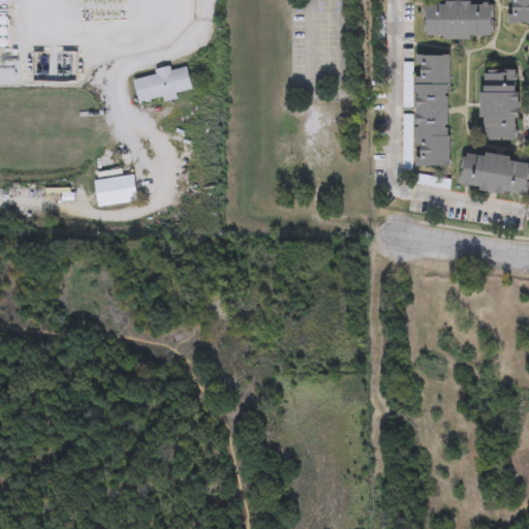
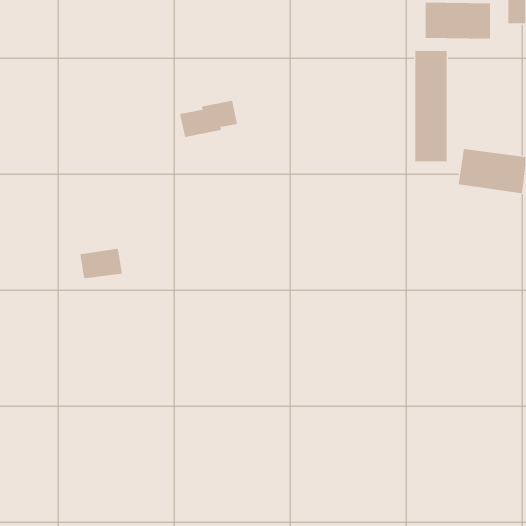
building: [132,66,191,103] -> [179,100,238,137]
building: [481,67,520,137] -> none
building: [93,176,136,207] -> [79,248,123,279]

